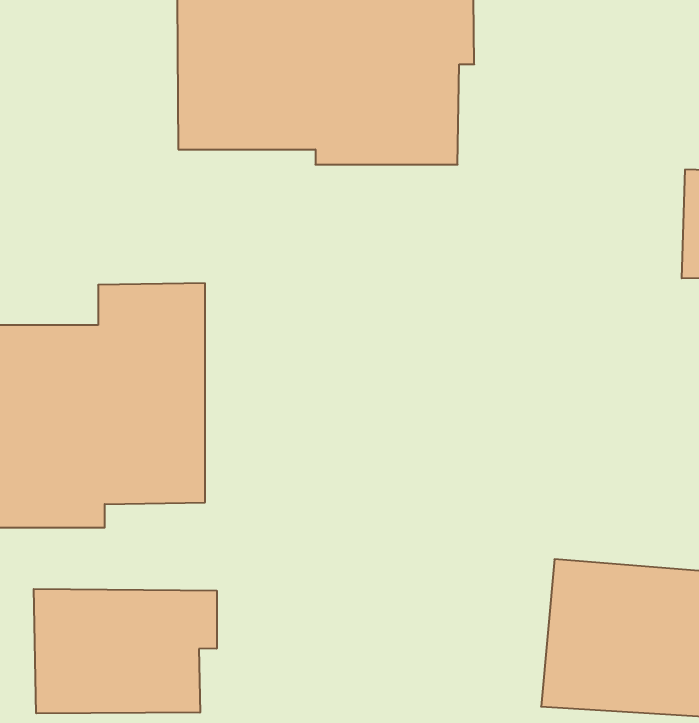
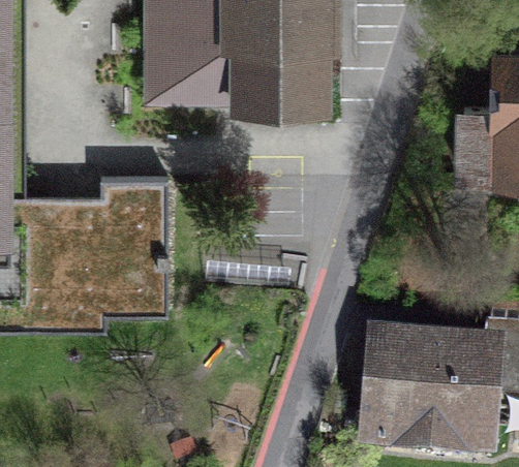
building: [34,589,217,713] -> none

